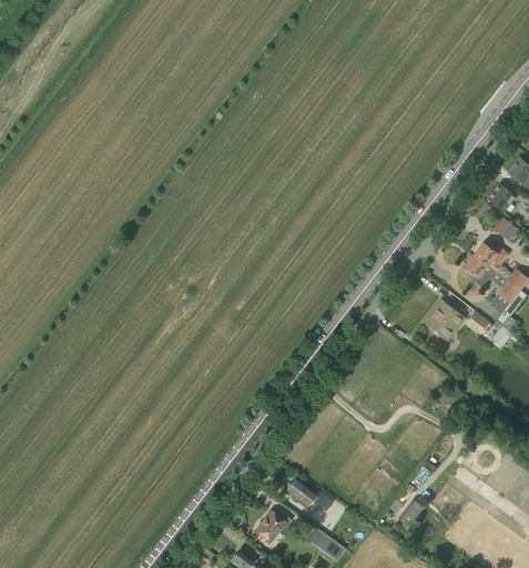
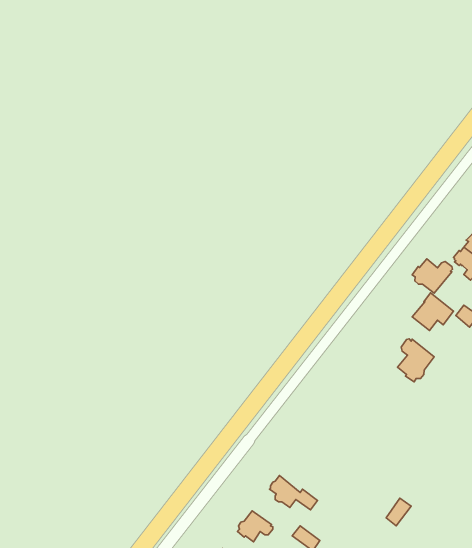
building: none -> [412,259,453,293]
building: none -> [397,339,434,382]

